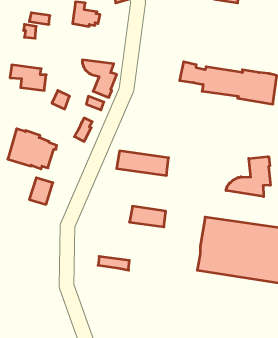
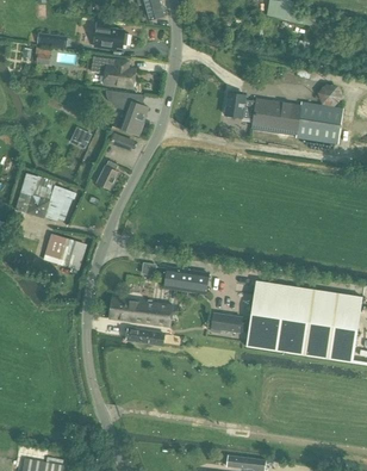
building: [10,65,46,90] -> [91,56,135,87]
building: [117,151,169,175] -> [108,296,172,326]
building: [226,157,270,197] -> none
building: none -> [210,312,249,333]

